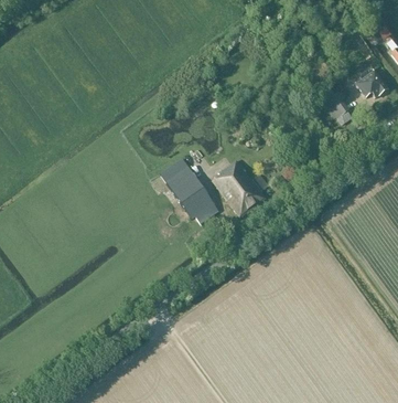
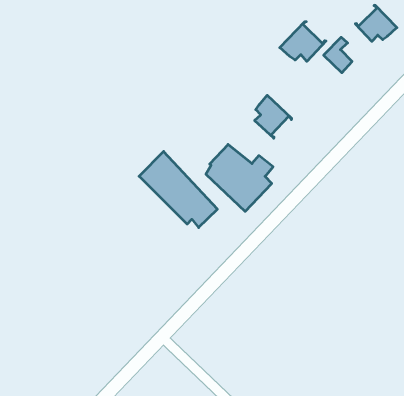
building: none -> [280,22,326,61]
building: none -> [255,95,292,138]

